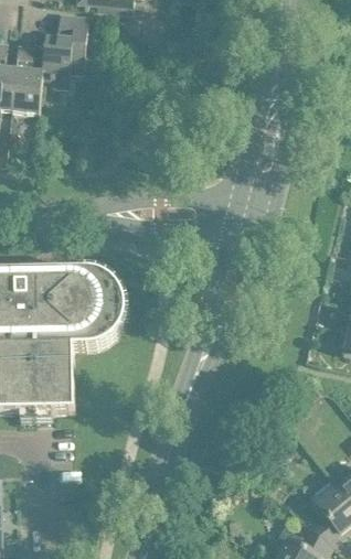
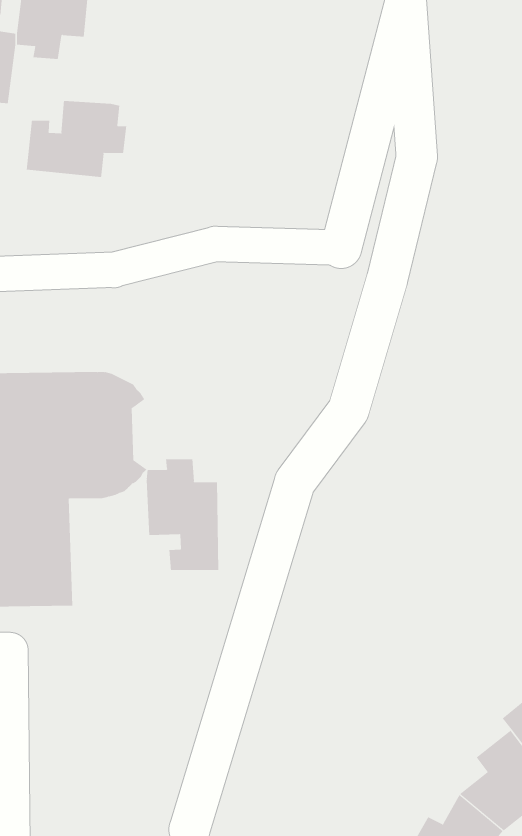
building: none -> [26,100,127,178]
building: none -> [146,458,219,571]

